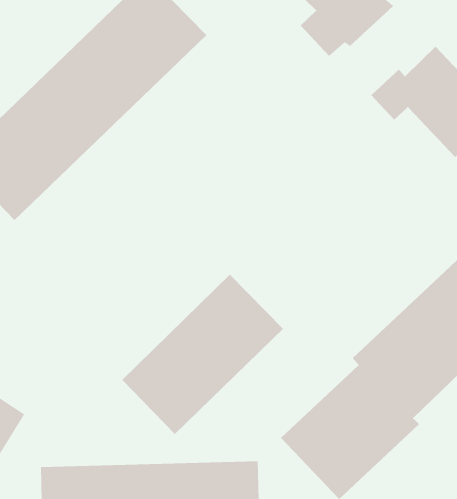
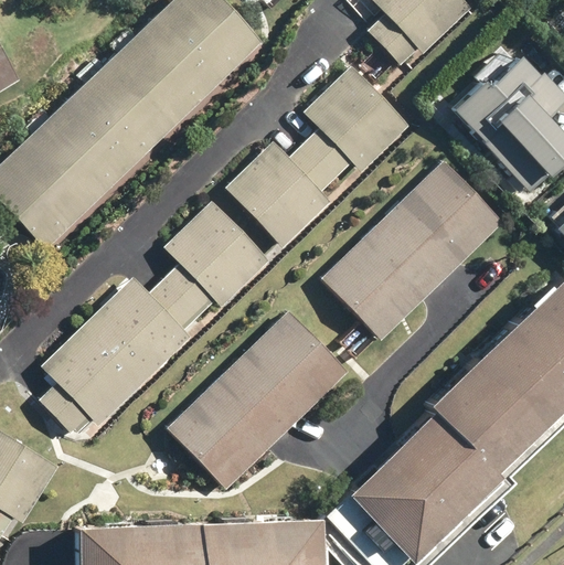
building: none -> [224,65,411,249]
building: none -> [320,160,504,341]
building: none -> [39,201,270,435]

